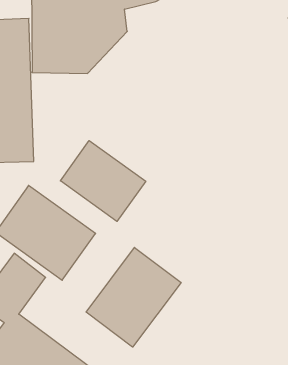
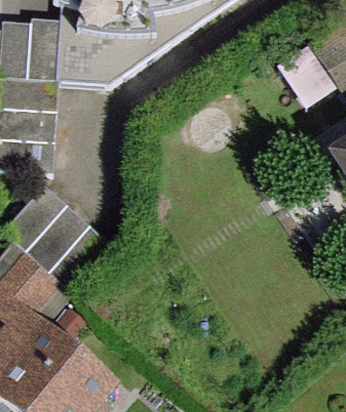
building: [60,141,146,221] -> none
building: [86,247,181,347] -> none

